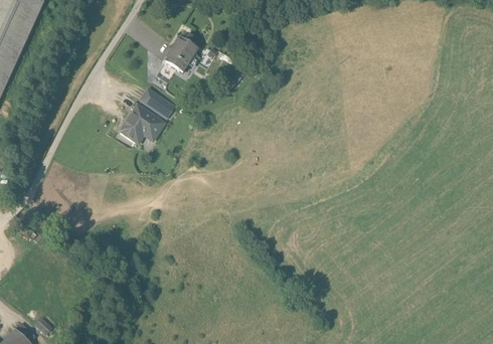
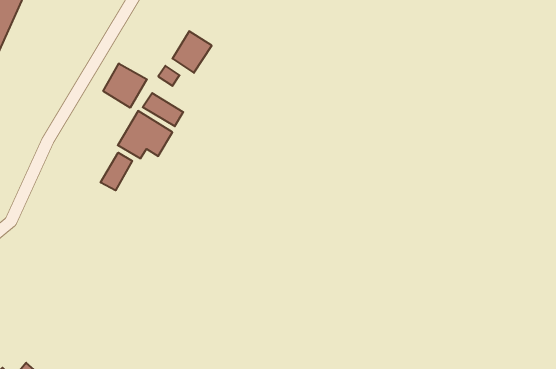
building: none -> [103,63,147,108]
building: none -> [101,153,132,190]

